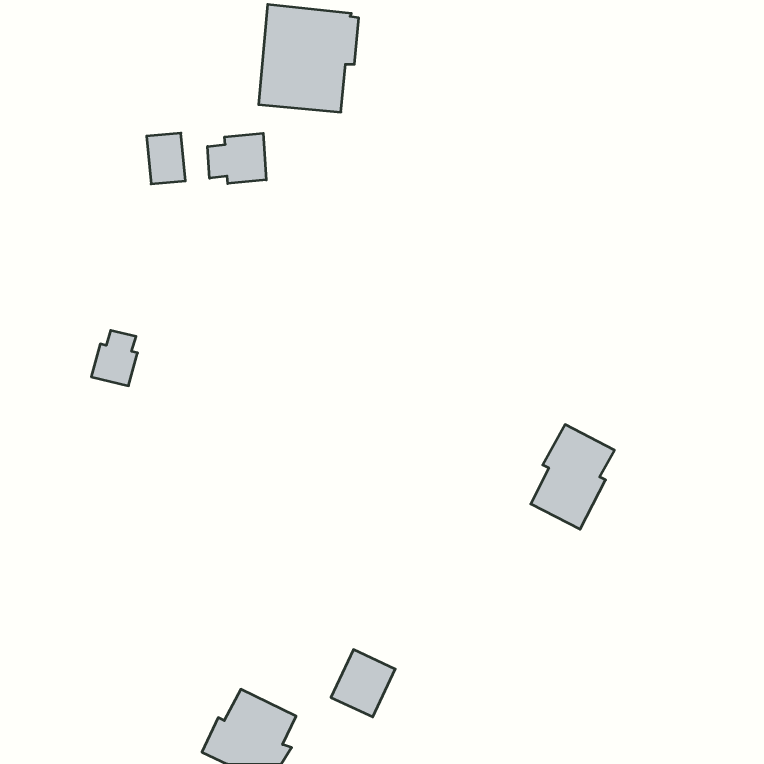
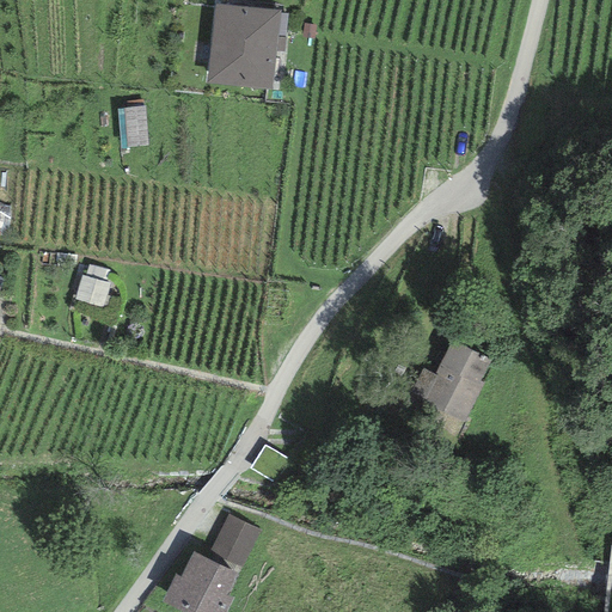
building: [208,133,266,184] -> none
building: [331,650,395,717] -> [209,513,261,567]

